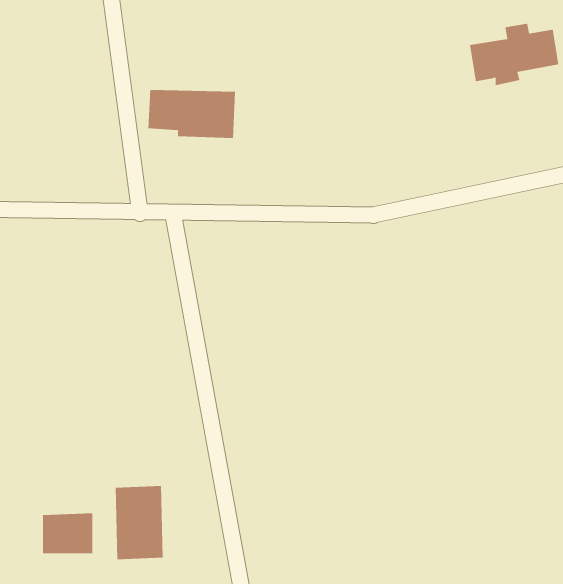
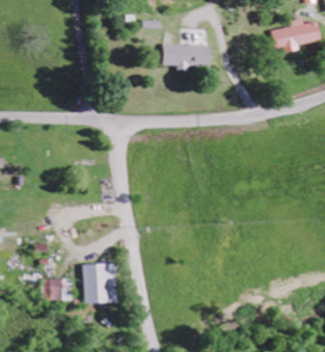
building: [148,89,236,138] -> [159,44,206,70]

